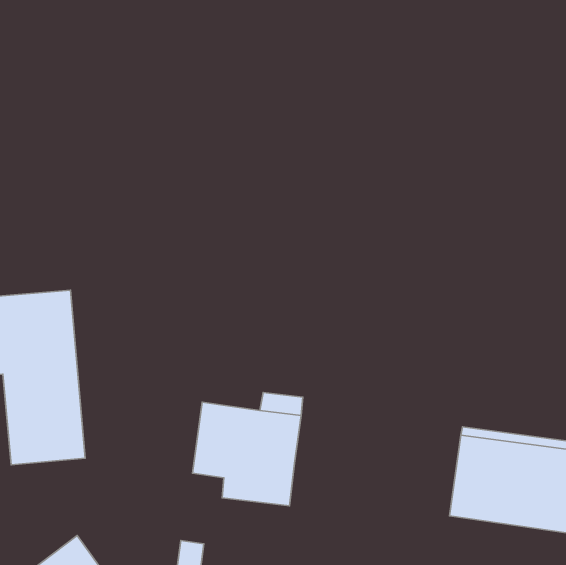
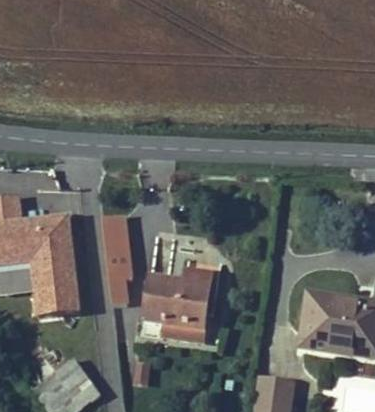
building: none -> [98,211,136,305]

